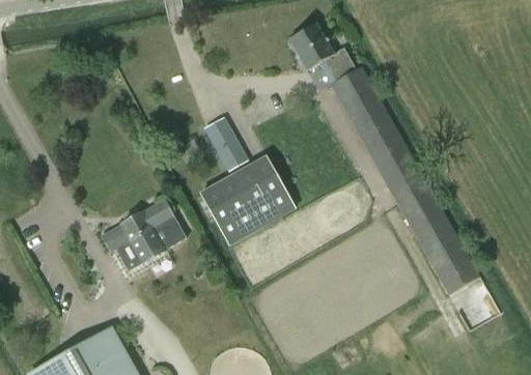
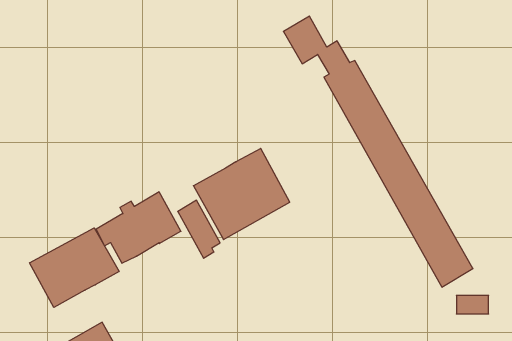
building: [205,116,248,174] -> [178,200,220,258]
building: none -> [30,228,119,307]

